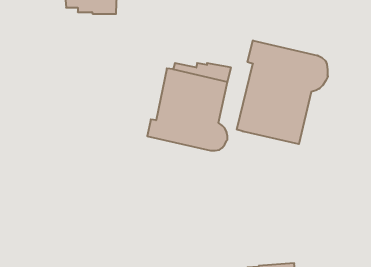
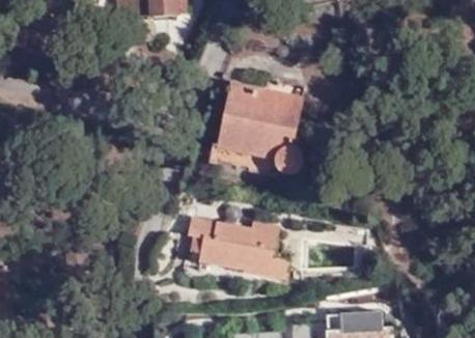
building: [237,40,328,144] -> none
building: none -> [187,218,285,279]

